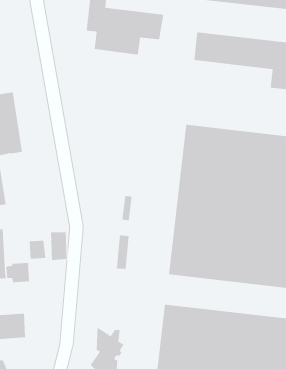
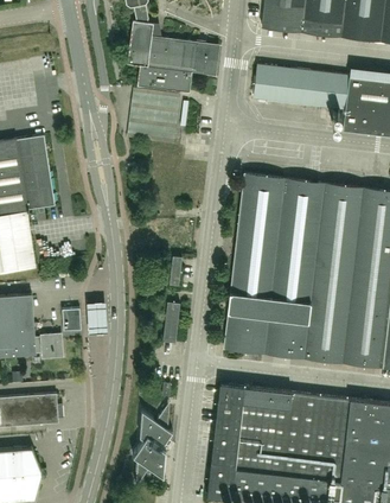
building: none -> [127,90,180,146]

